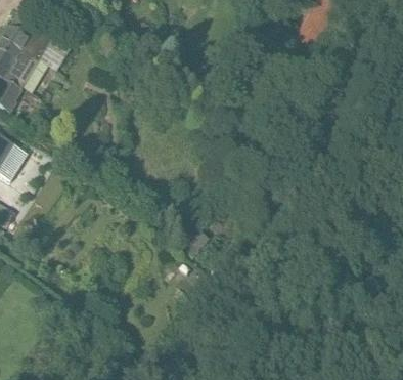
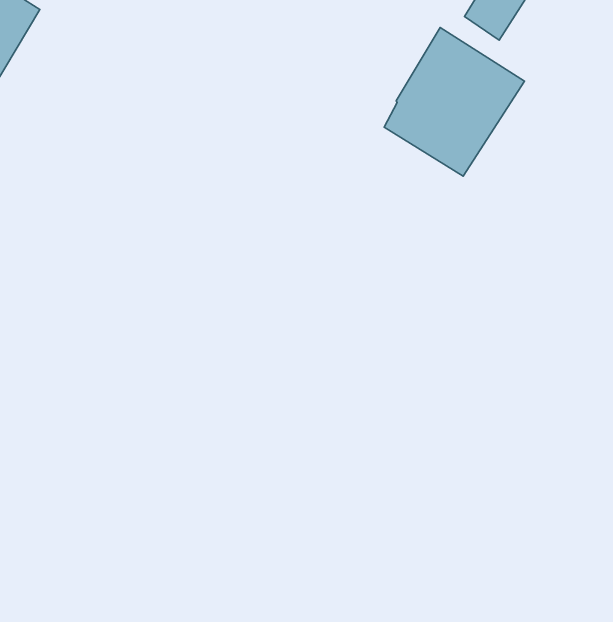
building: none -> [384,27,524,176]

